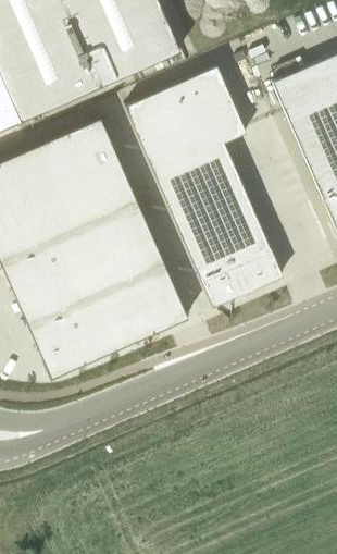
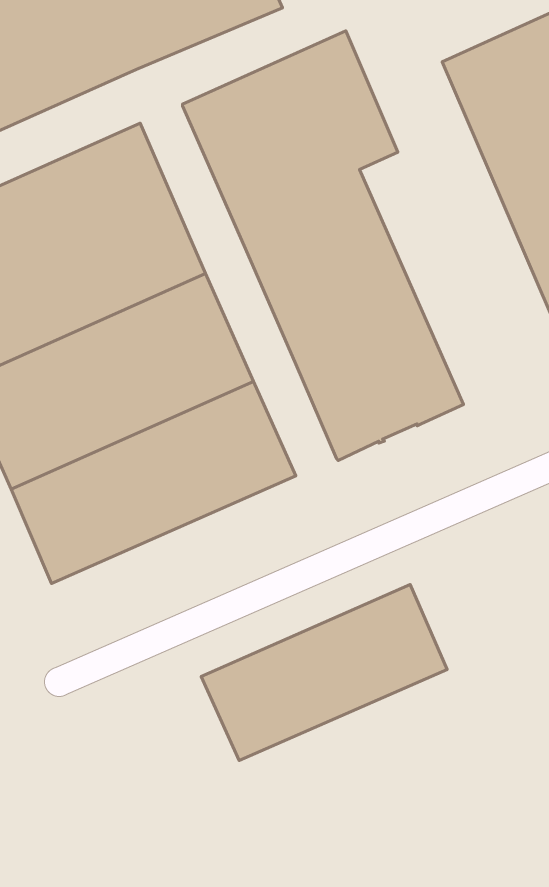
building: none -> [201,584,447,761]

